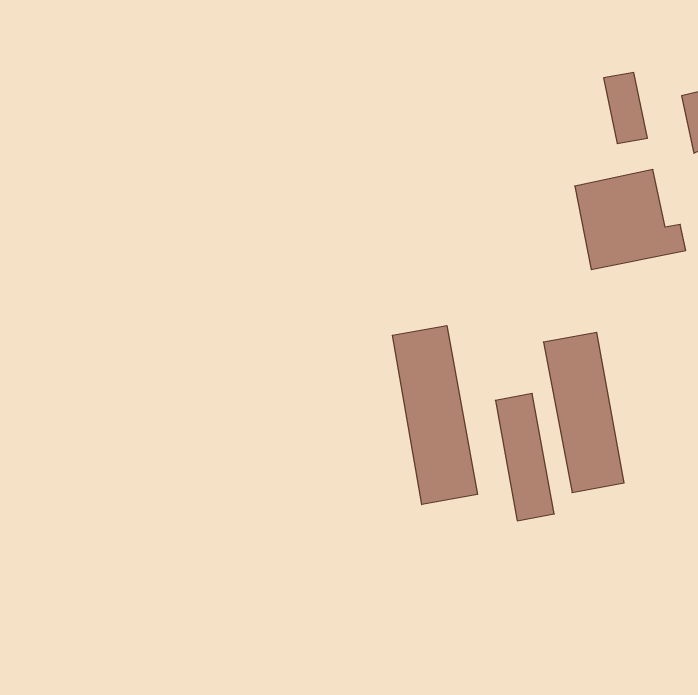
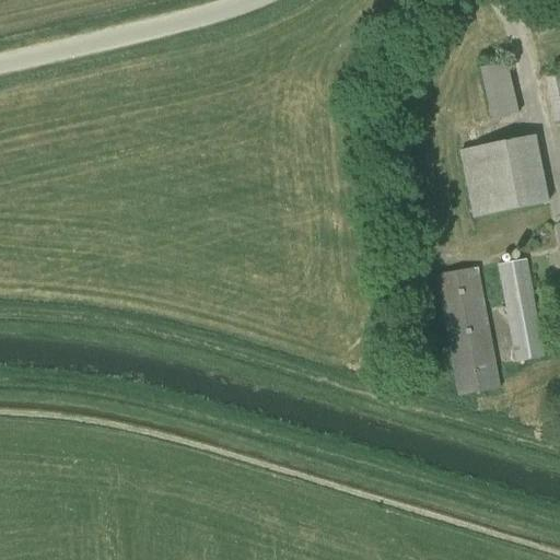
building: [392,326,477,505] -> none
building: [495,394,554,521] -> [498,257,545,359]

